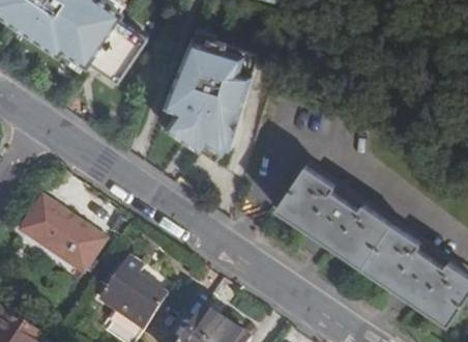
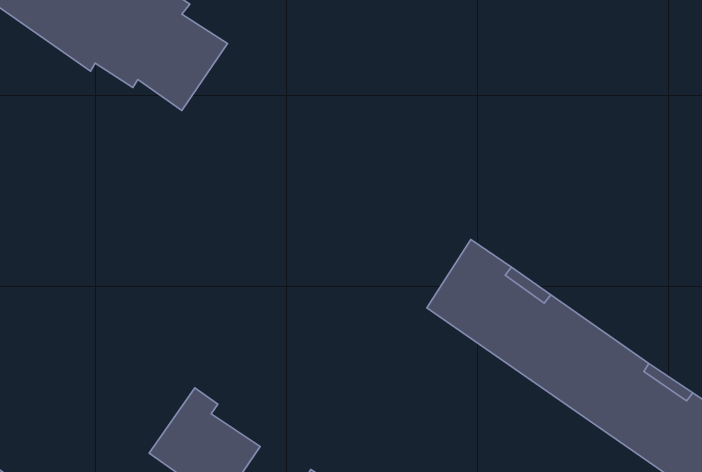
building: [163,37,252,151] -> none
building: [20,197,105,273] -> none

